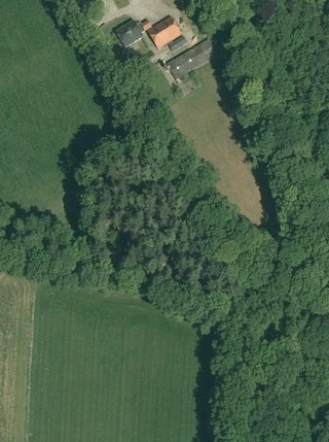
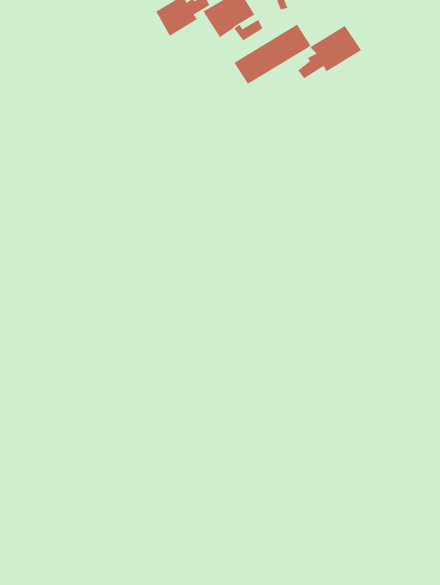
building: none -> [297,25,362,79]

